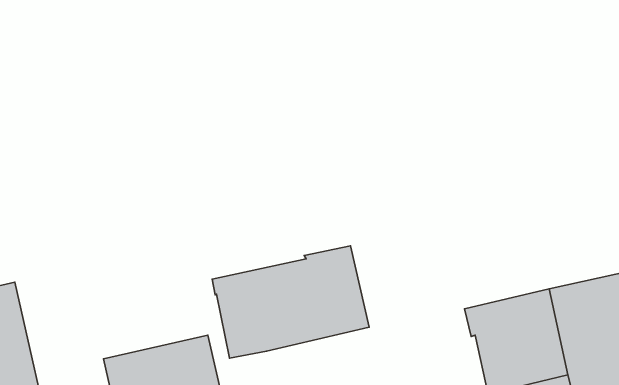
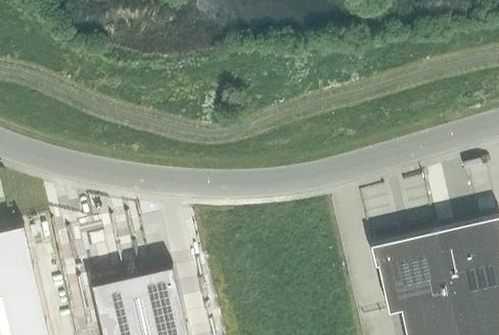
building: [212,246,369,358] -> none

